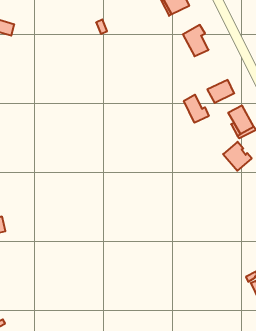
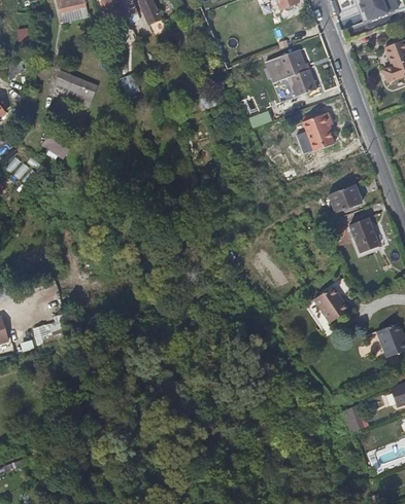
building: [184,95,209,123] -> none
building: [223,142,252,171] -> [311,287,346,323]

